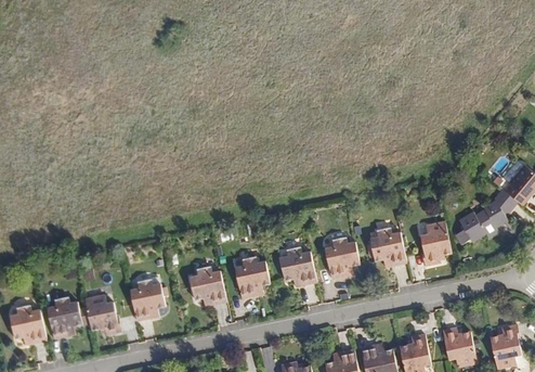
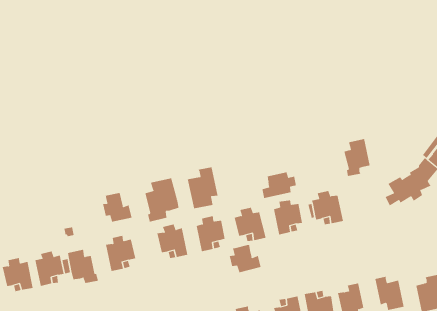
building: none -> [187,166,218,209]
building: none -> [262,171,296,199]
building: none -> [145,177,179,223]
building: [419,220,451,265] -> [344,138,371,177]
building: none -> [102,192,132,223]
building: none -> [229,244,261,273]

